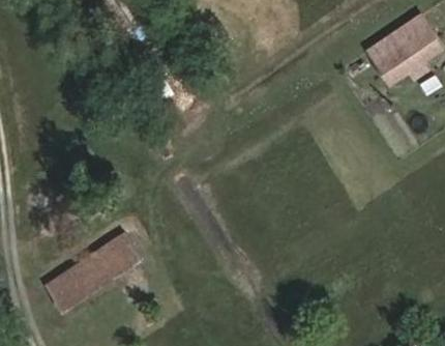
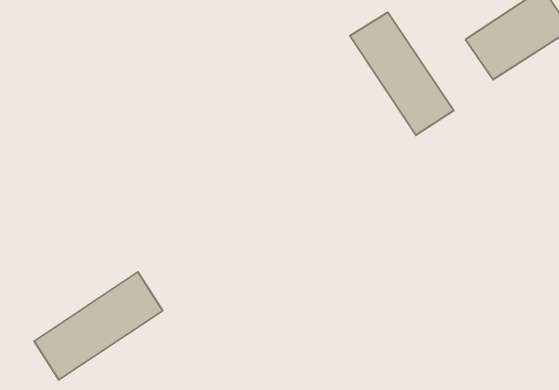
building: none -> [350,12,454,135]

